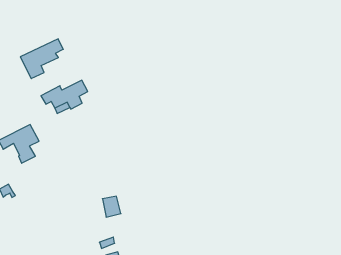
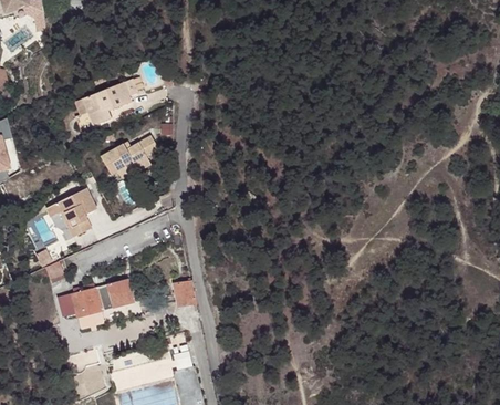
building: none -> [63,278,134,329]

